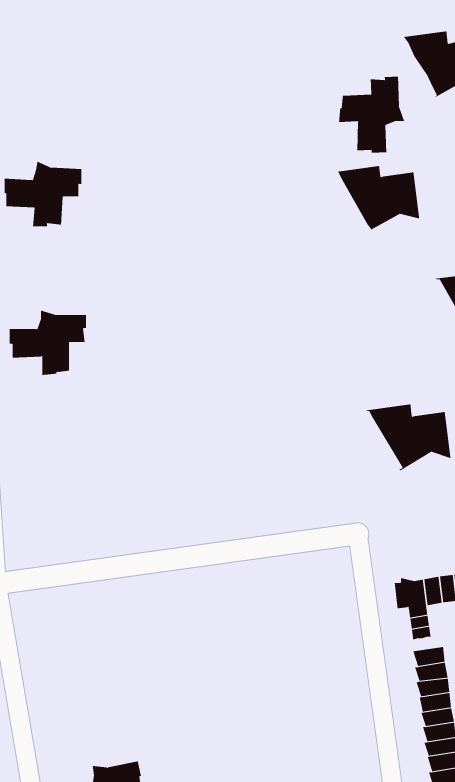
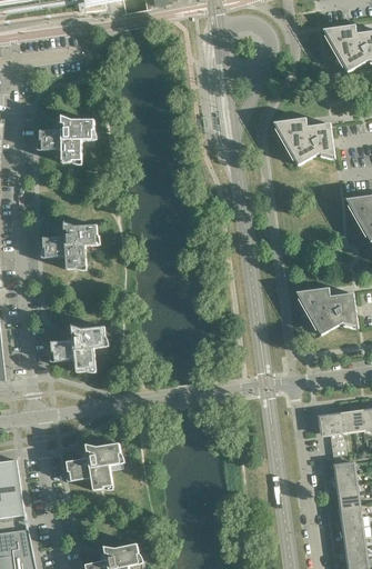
building: [339,76,405,154] -> none
building: none -> [52,327,108,373]
building: none -> [66,442,121,490]

